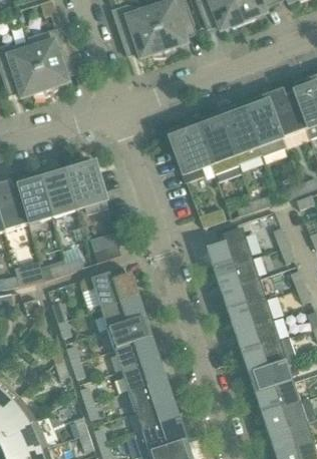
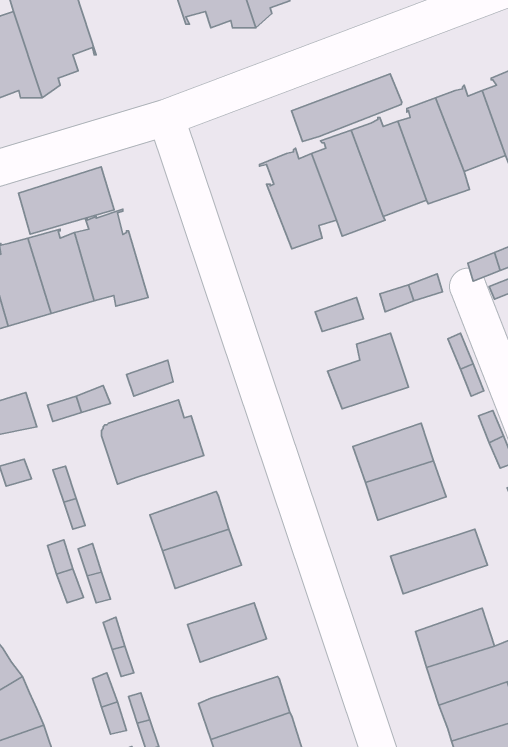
building: none -> [292,74,402,142]
building: none -> [19,167,114,234]
building: [214,258,258,291] -> none
building: [99,296,143,329] -> none
building: [234,319,279,352] -> none
building: [120,357,165,390] -> none
building: [248,360,292,394] -> none
building: [134,398,178,431] -> none

